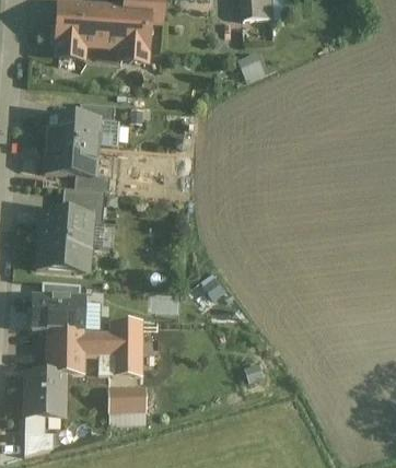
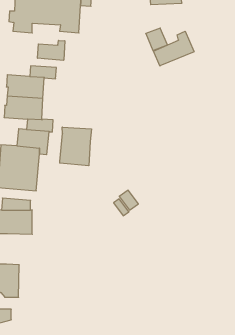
building: none -> [154,31,194,66]
building: none -> [38,40,65,60]
building: none -> [60,127,91,166]
building: [47,320,141,373] -> none
building: [112,386,151,409] -> none

